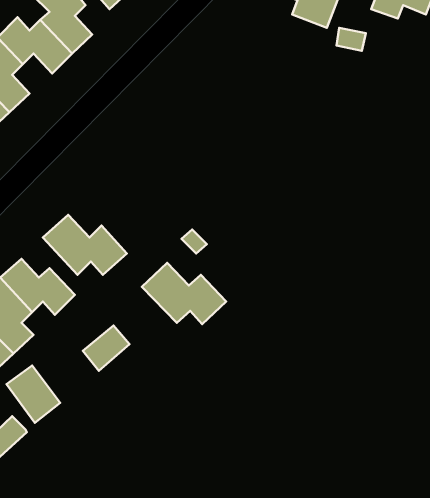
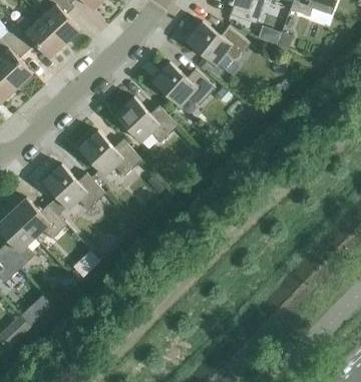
building: none -> [186,21,250,65]
building: none -> [151,62,215,106]
building: none -> [114,97,177,142]
building: [142,263,226,324] -> [78,130,141,176]

